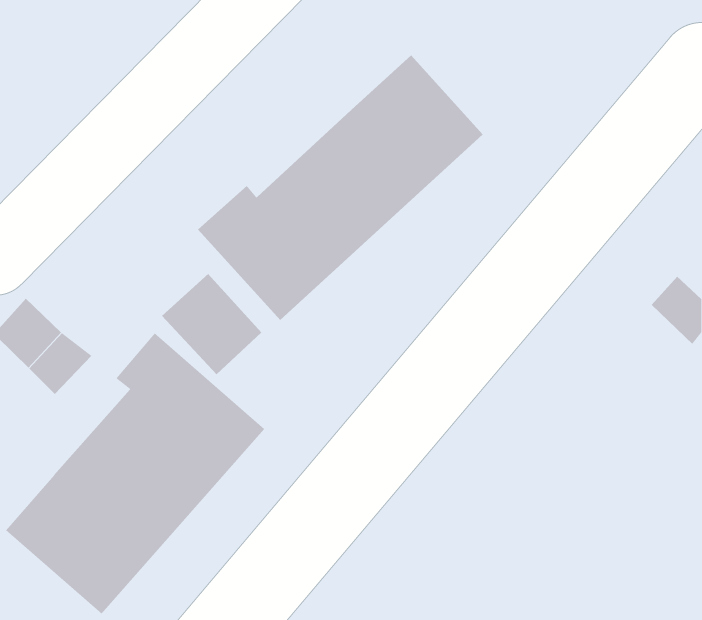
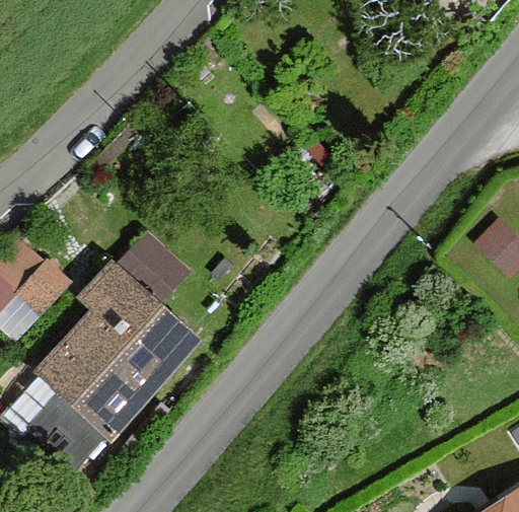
building: [197,55,484,321] -> none

